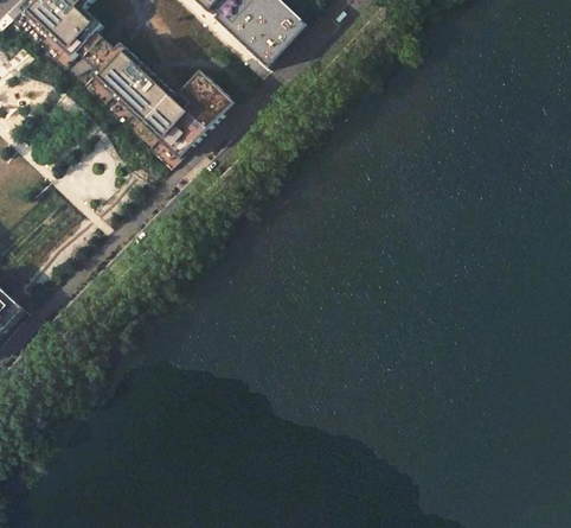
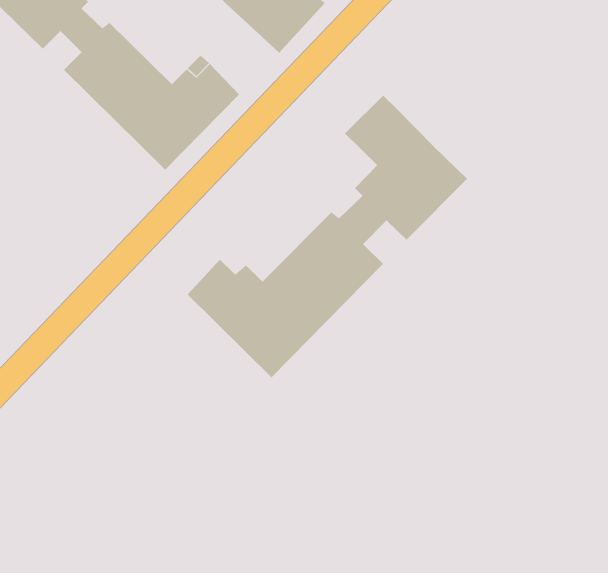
building: none -> [187,95,468,378]

